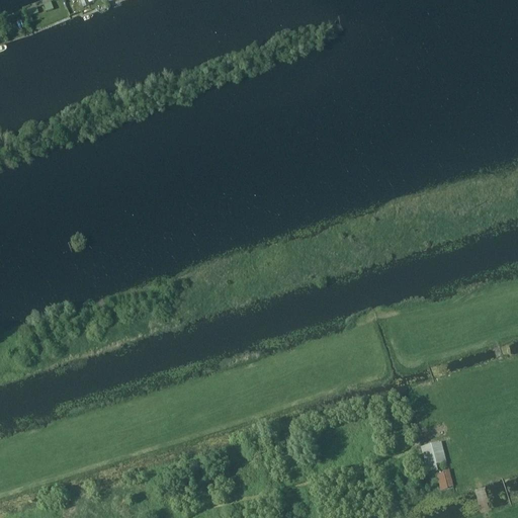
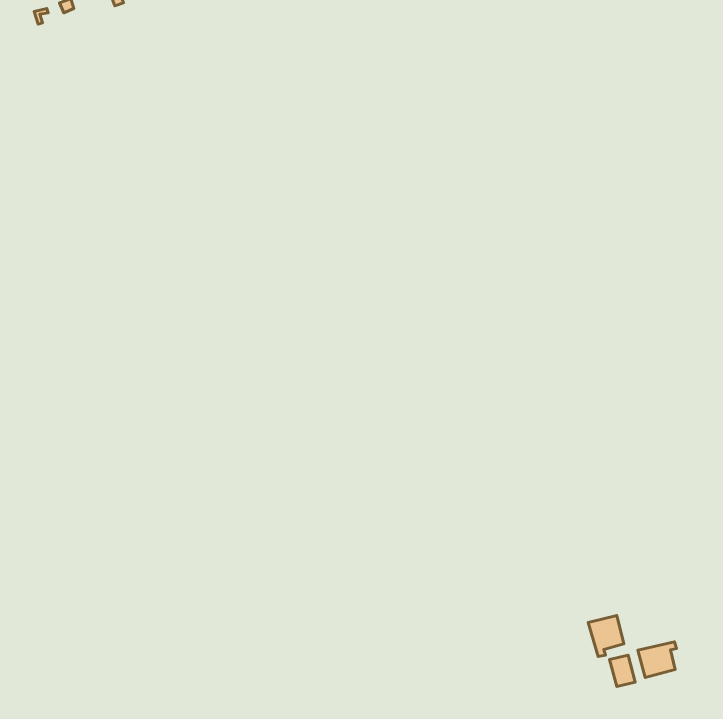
building: none -> [638,642,677,677]

